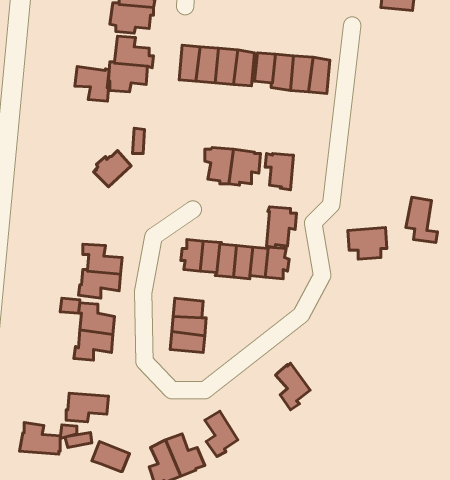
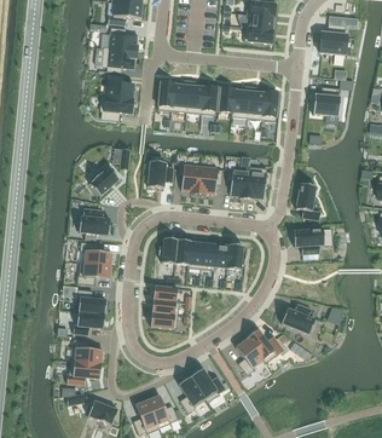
building: none -> [312,85,340,115]
building: [75,66,109,101] -> none
building: none -> [147,160,173,186]
building: [406,197,437,243] -> [295,183,320,219]
building: none -> [79,207,110,234]
building: [266,207,297,248] -> [247,166,271,198]
building: none -> [280,302,314,333]
building: none -> [247,328,284,362]
building: none -> [190,367,225,402]
building: [20,422,60,454] -> [69,338,102,363]

